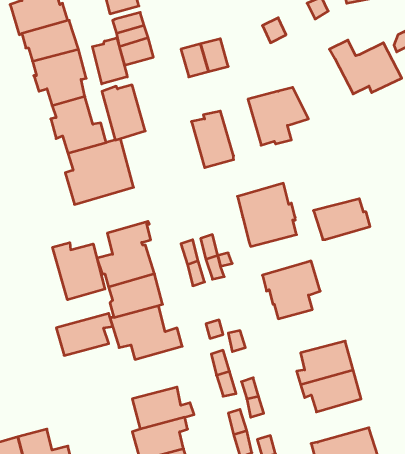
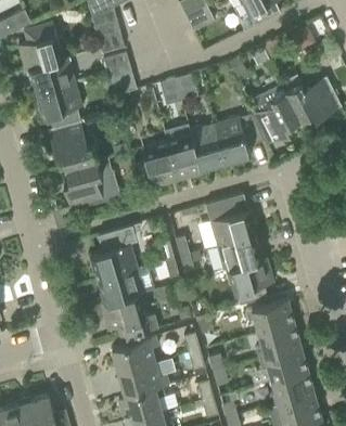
building: [92,38,127,84] -> none
building: none -> [251,83,300,145]
building: [102,85,145,140] -> [142,143,178,189]
building: none -> [190,125,225,171]
building: [313,199,370,240] -> [216,236,262,270]
building: [53,243,105,300] -> none
building: none -> [243,299,294,334]
building: [56,313,113,355] -> [112,337,158,372]
building: none -> [268,372,313,408]

